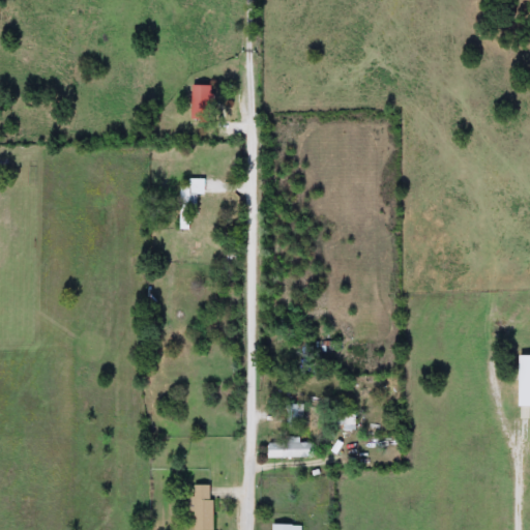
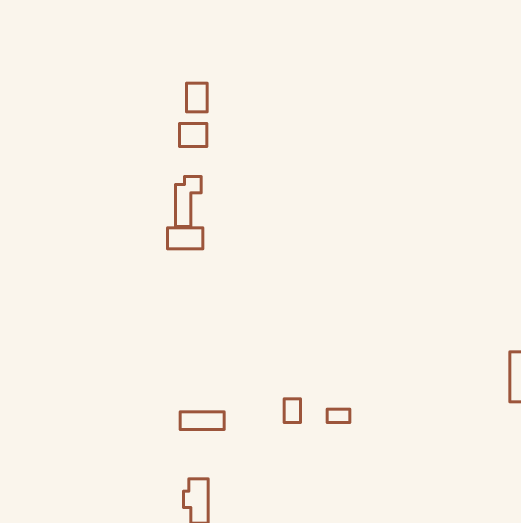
building: none -> [180,123,207,147]
building: none -> [168,228,203,249]
building: [267,440,312,458] -> [180,412,224,429]

